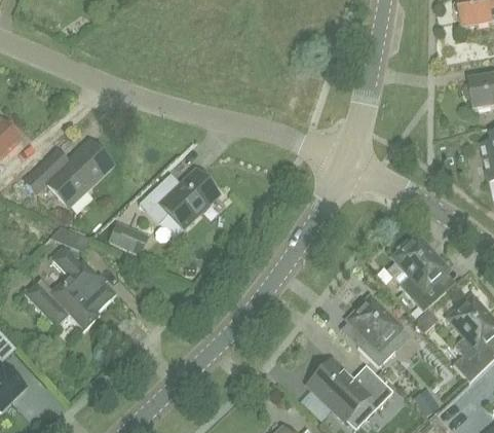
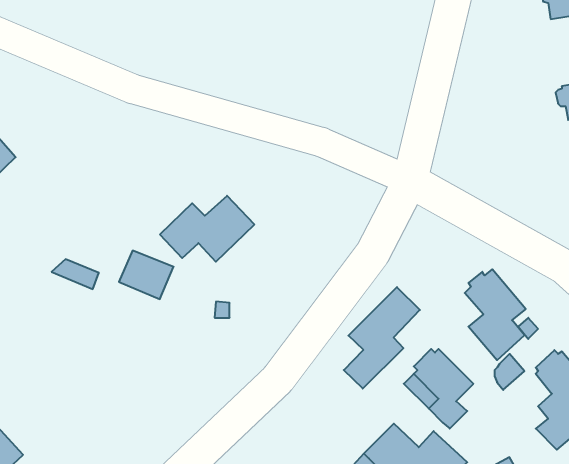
building: [27,140,114,206] -> none
building: [26,245,117,327] -> none
building: none -> [344,287,420,389]

